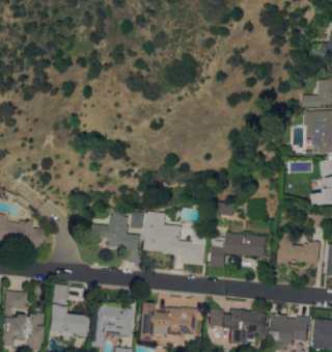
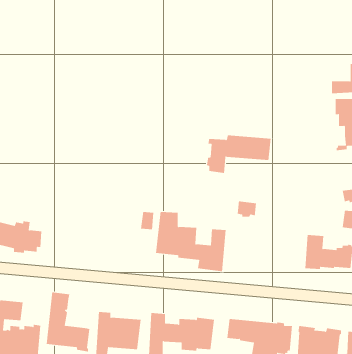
building: [86,212,139,263] -> none
building: [208,234,266,268] -> [206,135,272,173]

